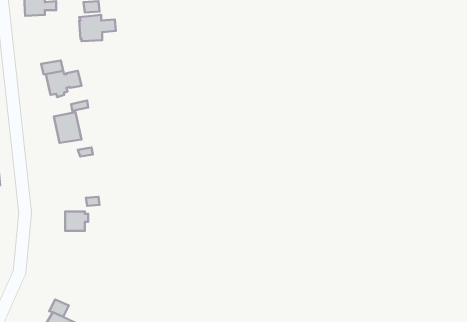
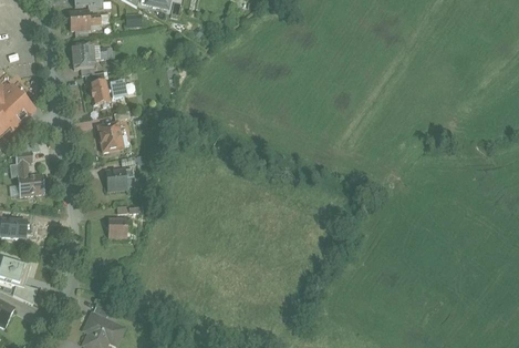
building: [79,15,116,41] -> [71,43,106,69]
building: none -> [105,168,133,191]

